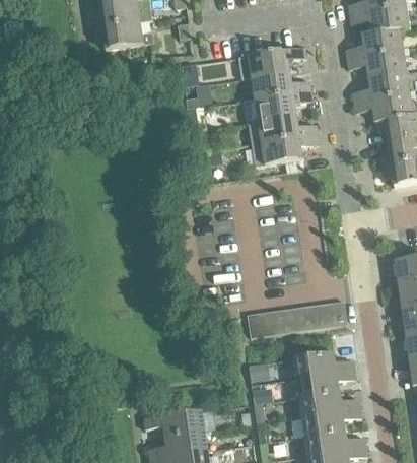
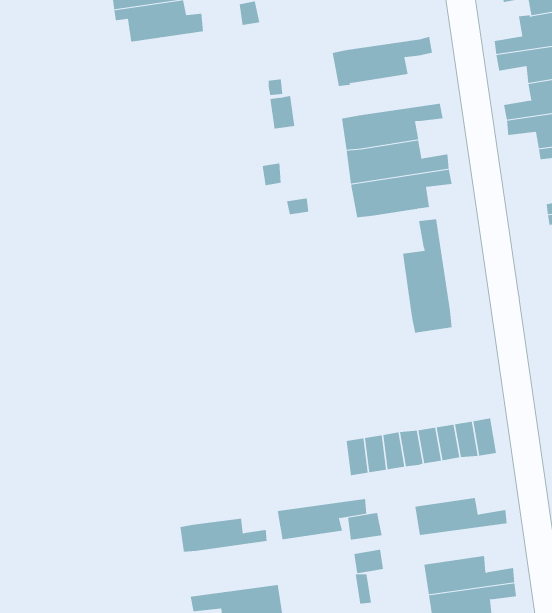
building: [250,71,309,98] -> none
building: none -> [403,219,452,334]
building: none -> [180,518,267,552]
building: [295,370,355,397] -> [277,499,367,540]

